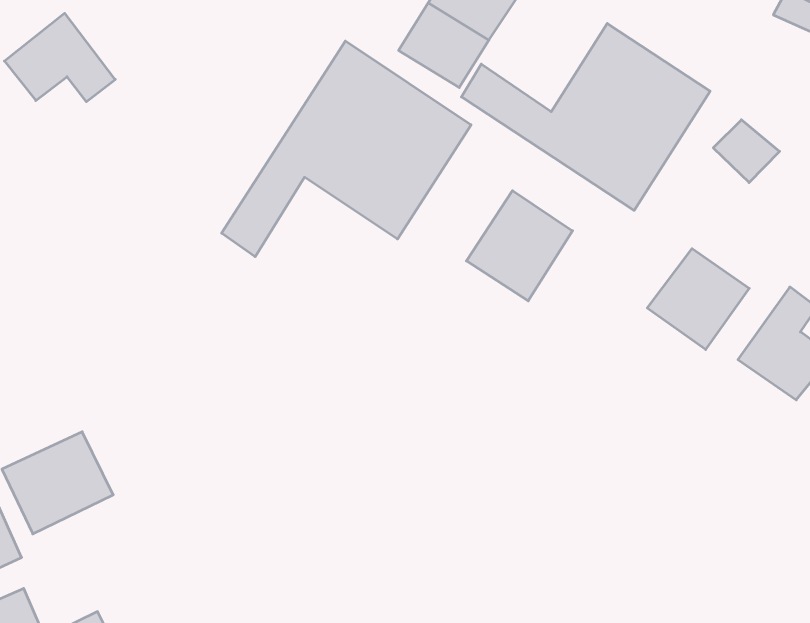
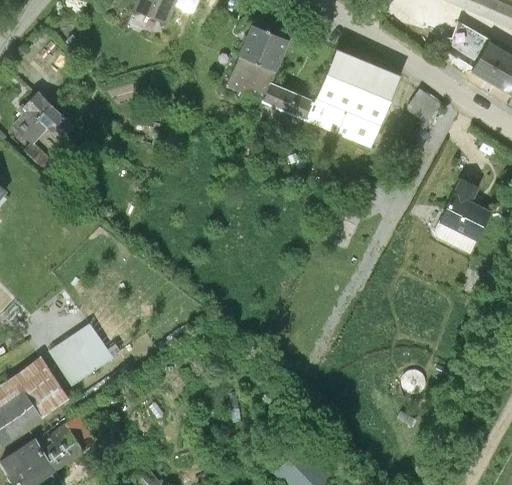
building: [222,41,471,257] -> none
building: [466,191,573,301] -> none
building: [647,249,749,350] -> none

